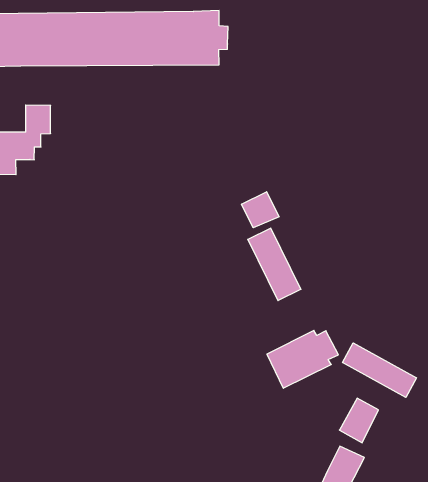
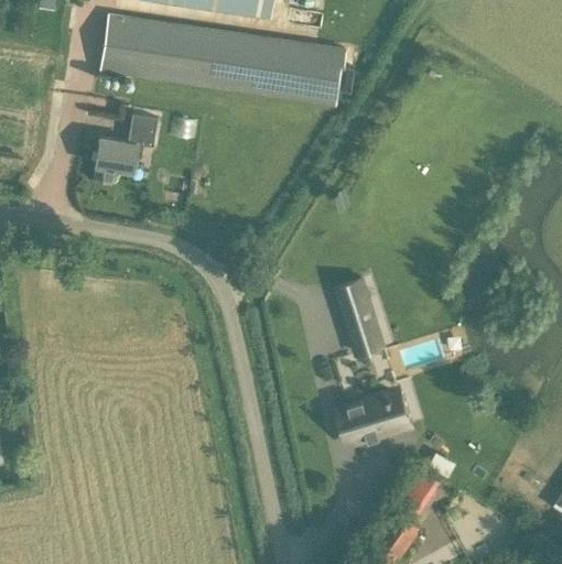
building: [242,192,279,228] -> none
building: [343,343,416,397] -> none

